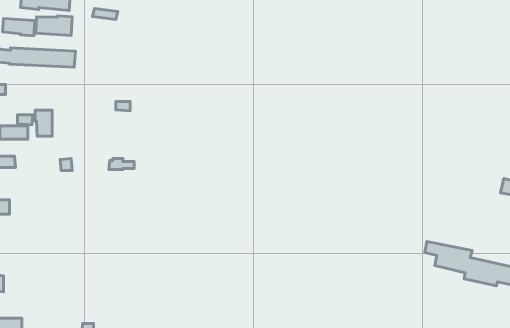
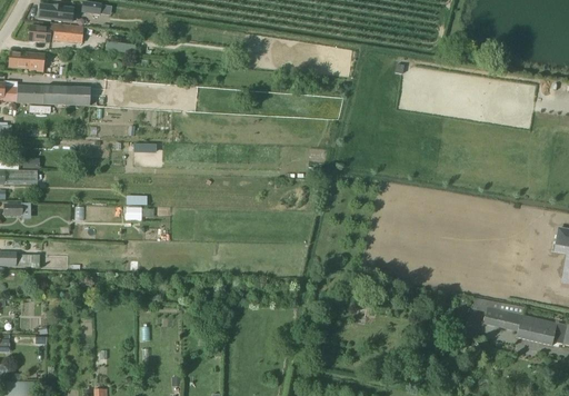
building: [36,16,72,36] -> none
building: [35,110,52,136] -> none

